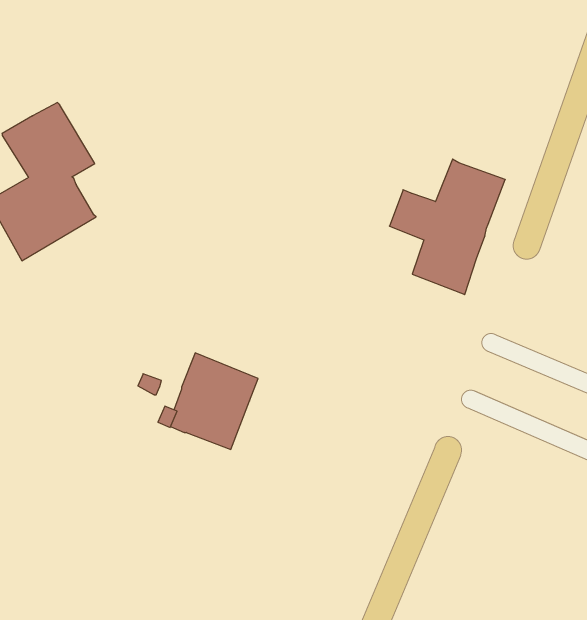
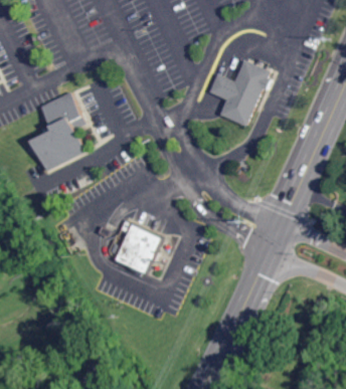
building: [389,159,505,295] -> [208,58,269,128]

